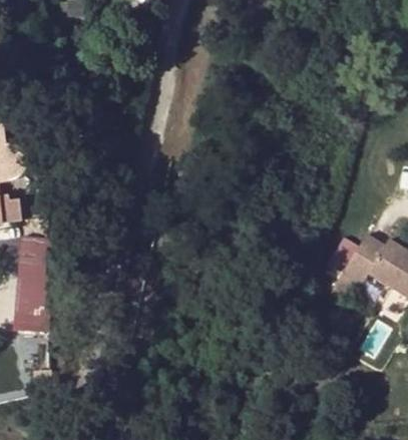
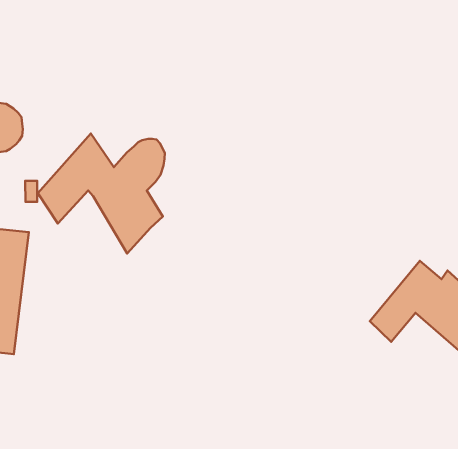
building: none -> [38,134,165,254]

